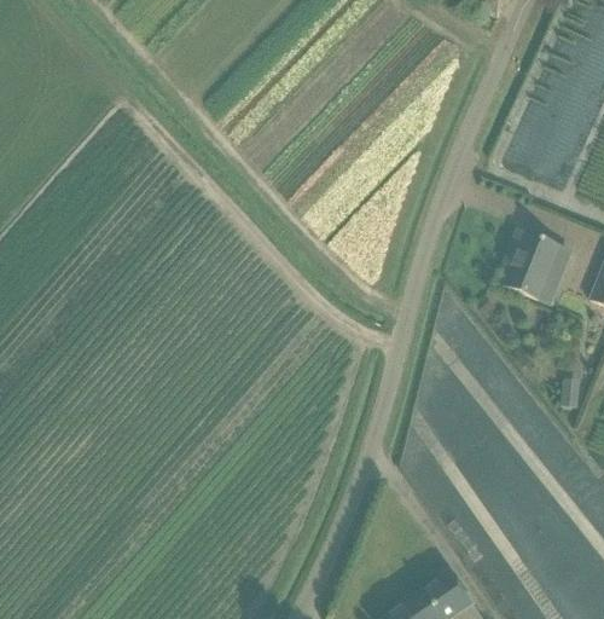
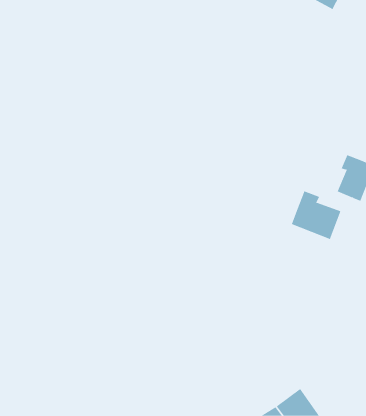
building: none -> [291,191,341,240]

